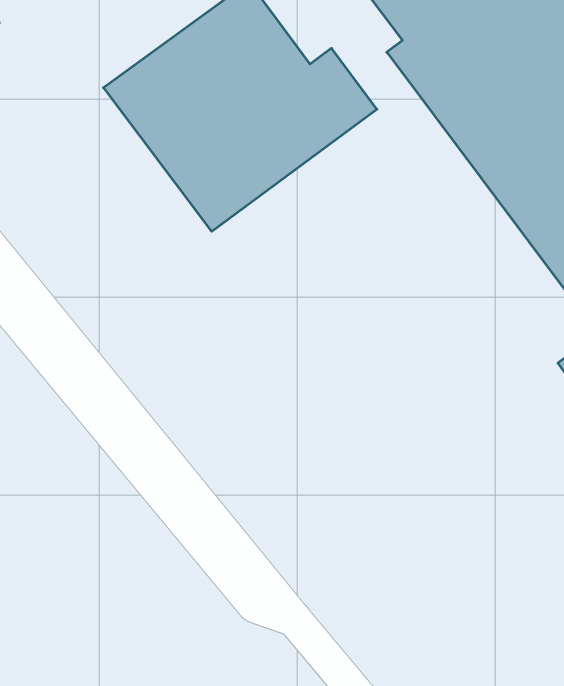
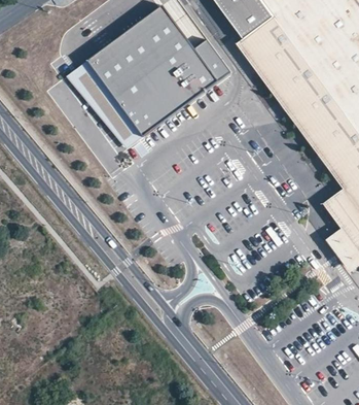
building: none -> [68,61,143,149]

